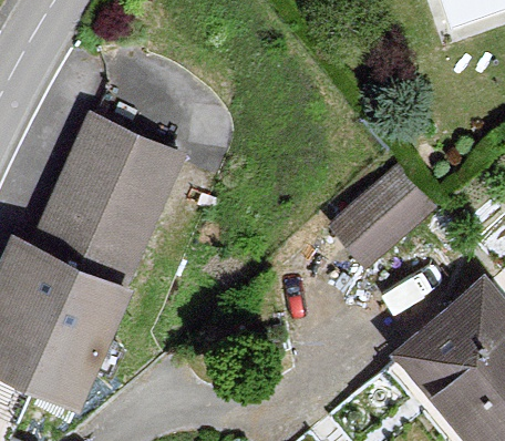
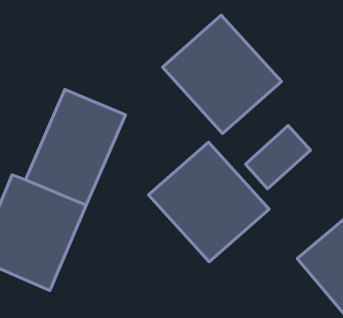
building: none -> [162,15,281,134]
building: none -> [149,142,269,262]

